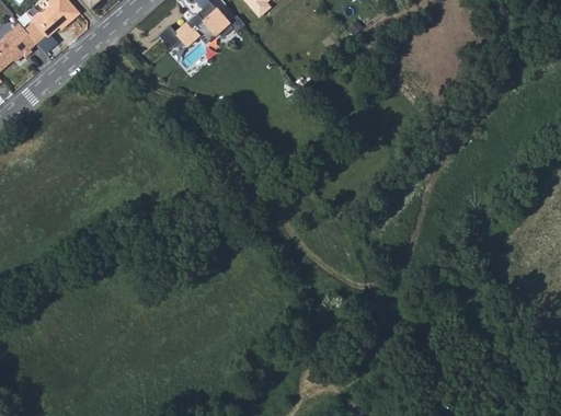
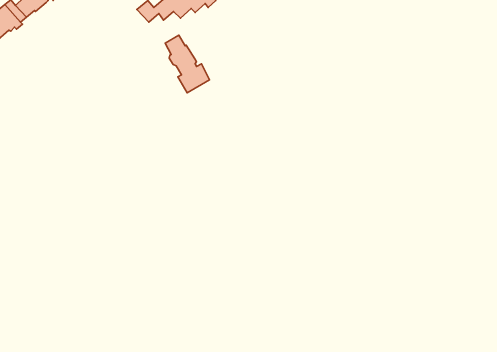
building: none -> [165,35,210,93]

